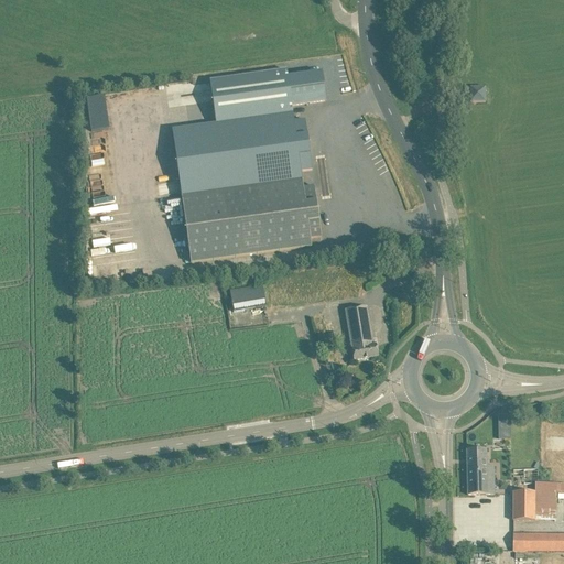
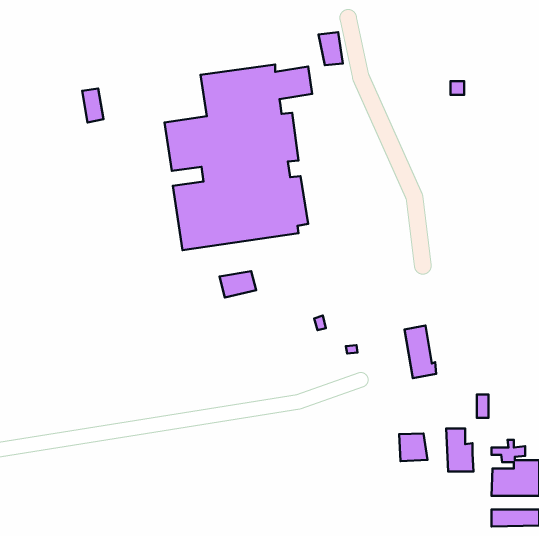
building: none -> [319,32,343,65]
building: [345,303,378,358] -> [404,325,436,378]
building: none -> [399,434,427,461]

